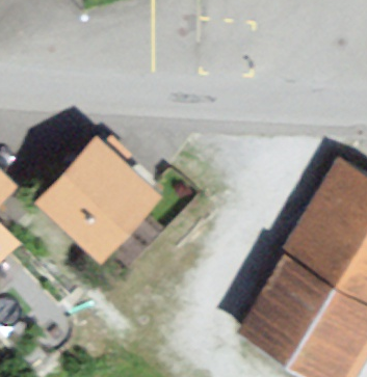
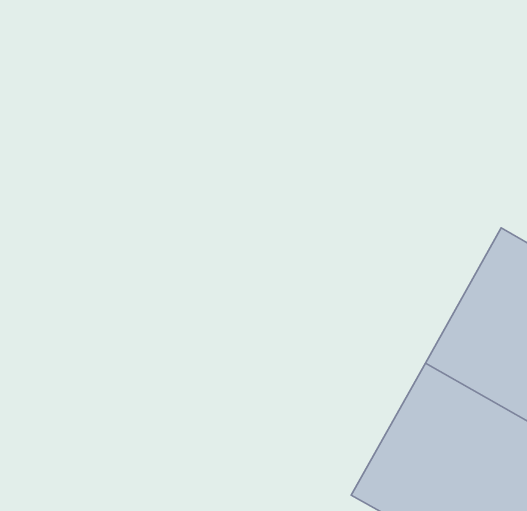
building: [42,138,163,259] -> none

